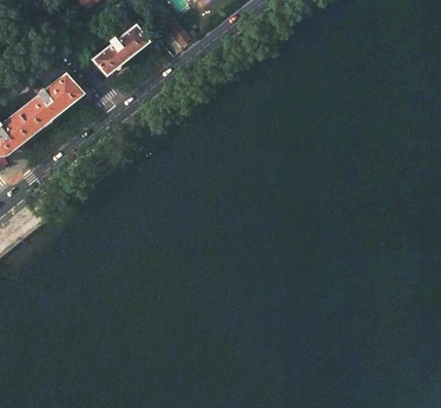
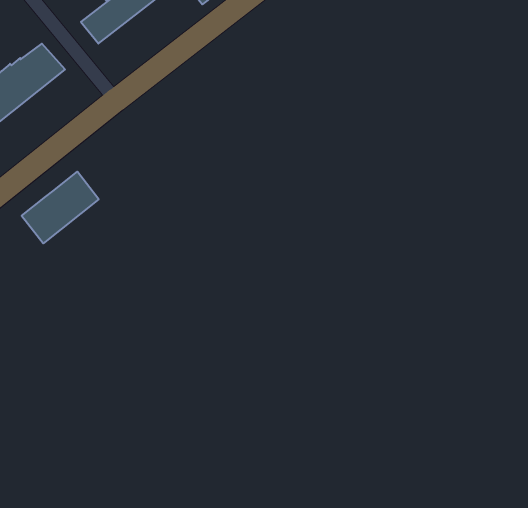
building: none -> [22,172,99,243]

